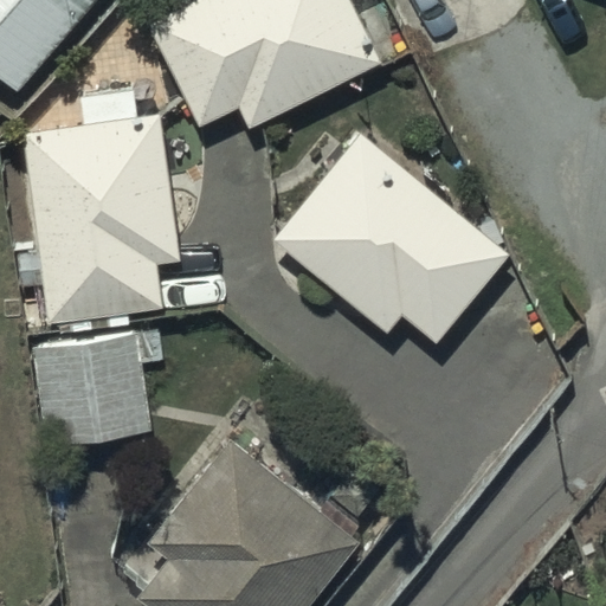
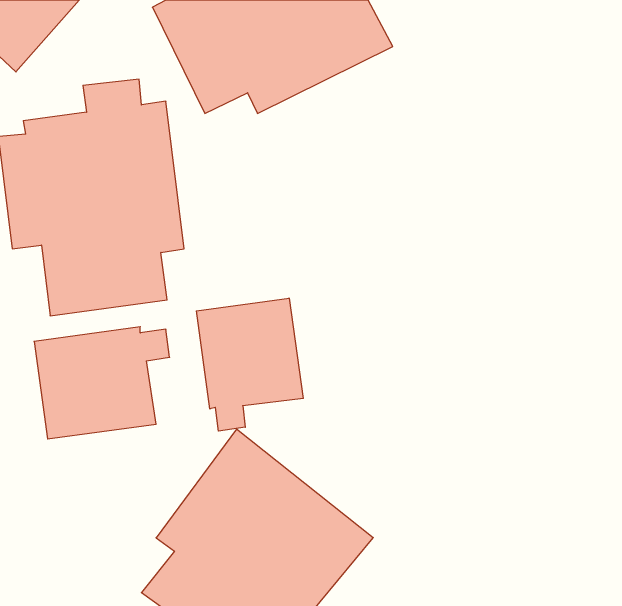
building: [275,133,508,341] -> none
building: none -> [196,298,303,431]

